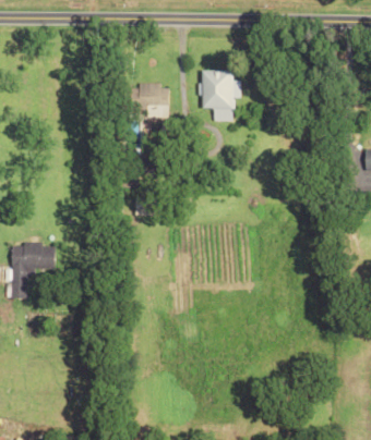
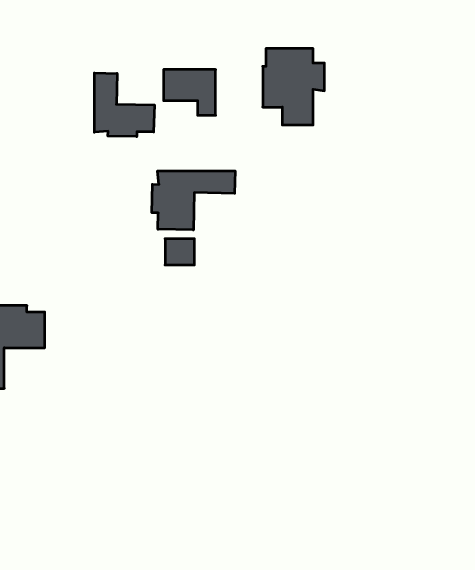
building: none -> [94,73,154,137]
building: none -> [152,171,235,230]

